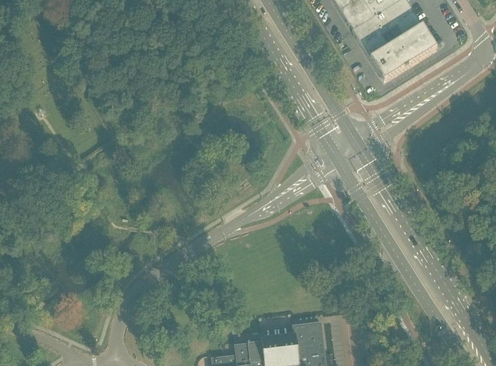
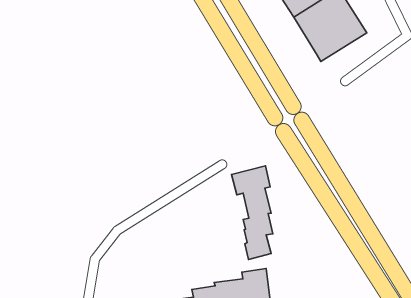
building: none -> [232,166,273,260]

